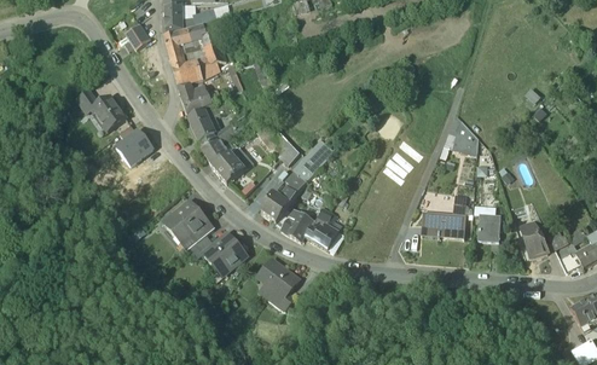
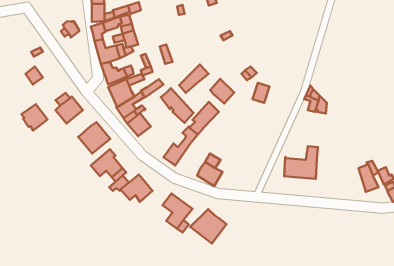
building: none -> [179,65,209,93]
building: [92,98,127,133] -> [21,104,48,131]
building: none -> [210,79,234,103]
building: none -> [78,122,110,153]
building: [280,207,314,241] -> none
building: [479,215,500,243] -> none
building: none -> [190,209,227,243]

